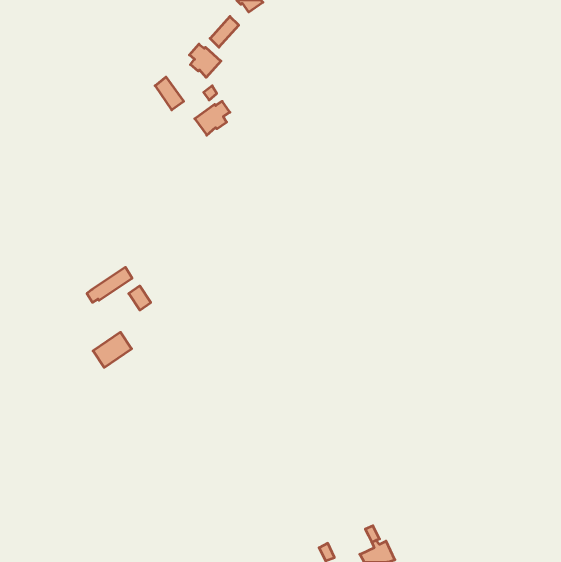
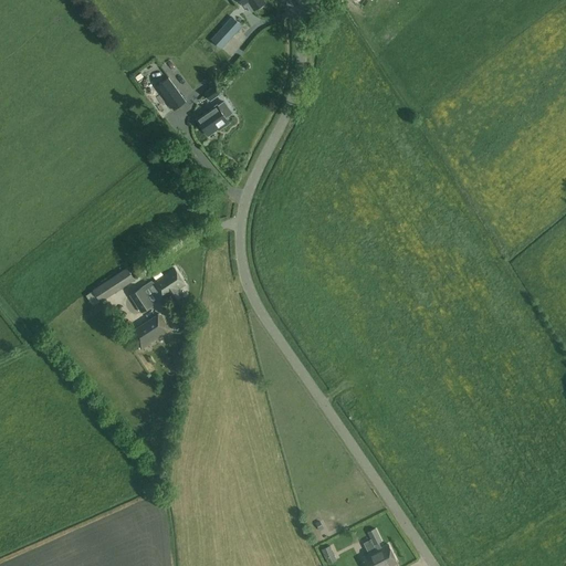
building: [189,44,221,77] -> none
building: none -> [148,268,185,301]
building: [93,332,132,367] -> [130,314,169,349]

